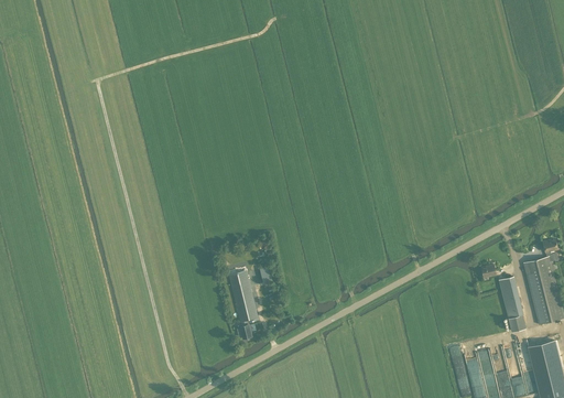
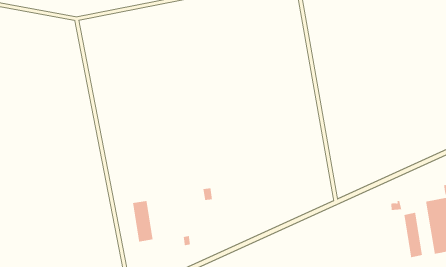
building: [229,271,258,322] -> [132,200,154,242]

